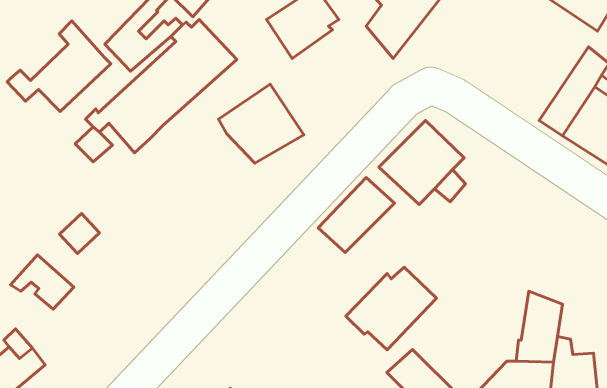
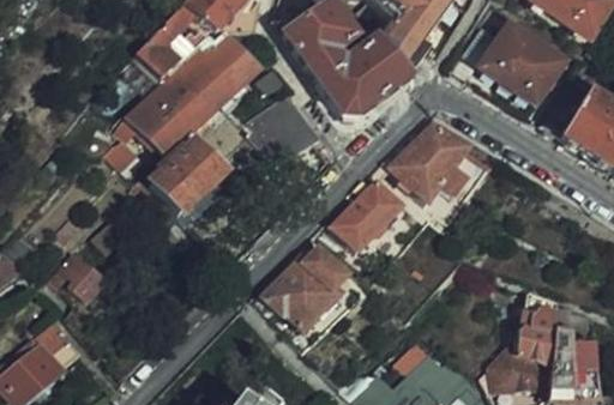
building: none -> [481,22,566,104]
building: [7,21,111,112] -> [131,129,227,213]
building: none -> [311,37,411,117]
building: [346,267,436,350] -> [265,250,349,327]

